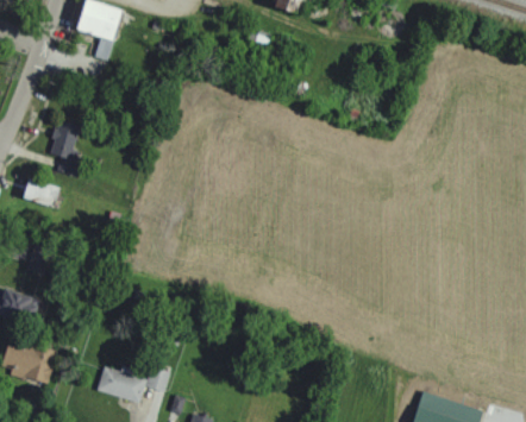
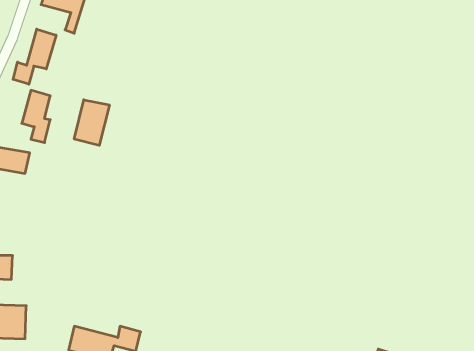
building: none -> [13,29,56,84]
building: none -> [74,100,109,145]

